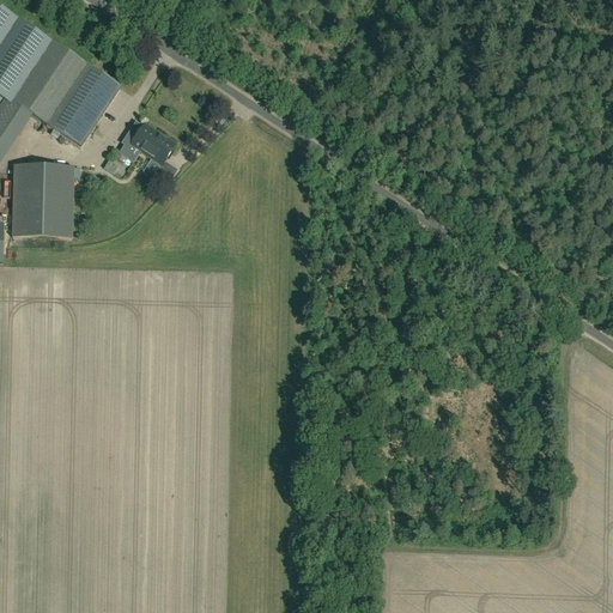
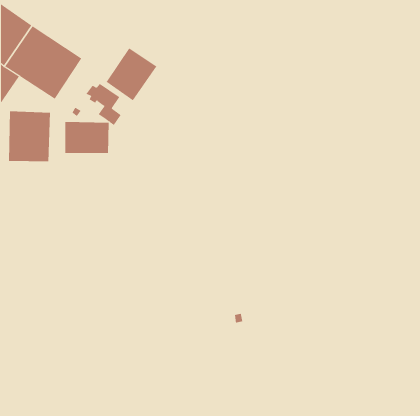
building: none -> [106,47,157,101]
building: none -> [65,121,109,154]

